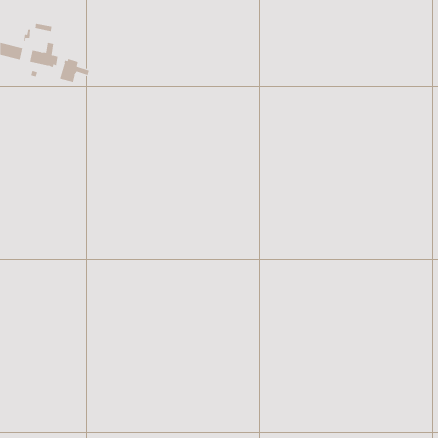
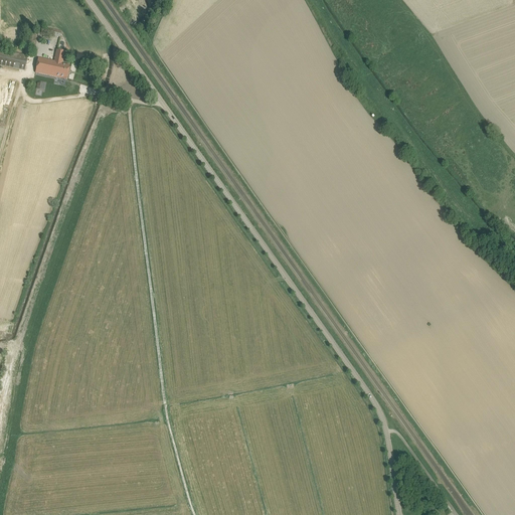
building: [60,58,89,83] -> none

